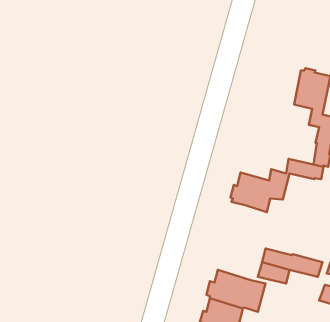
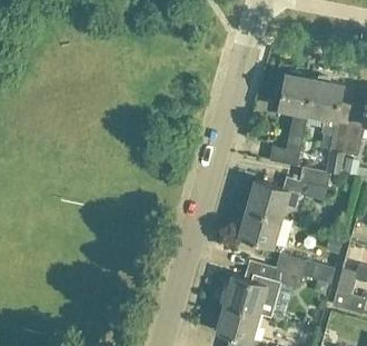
building: none -> [269,71,314,166]
building: none -> [236,208,280,246]

